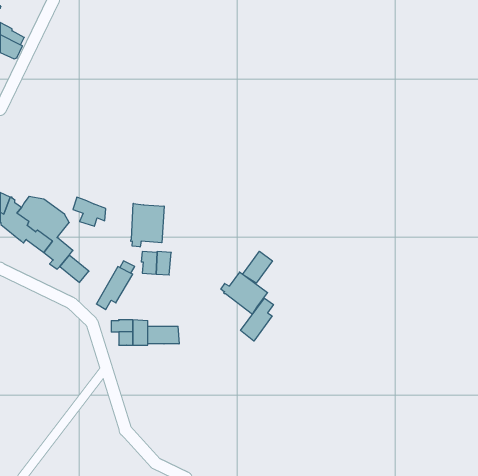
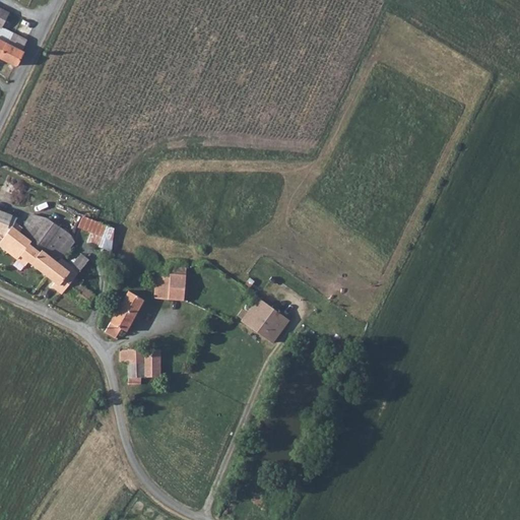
building: [131,203,164,247] -> none
building: [243,251,272,283] -> none
building: [241,298,273,341] -> none
building: [148,326,179,344] -> none

